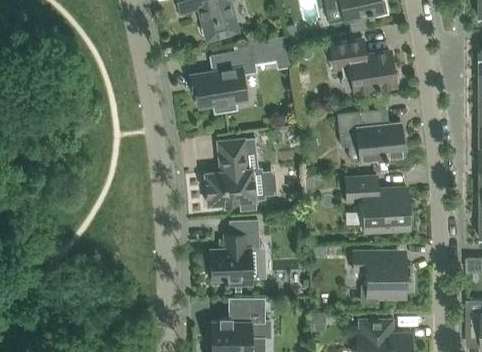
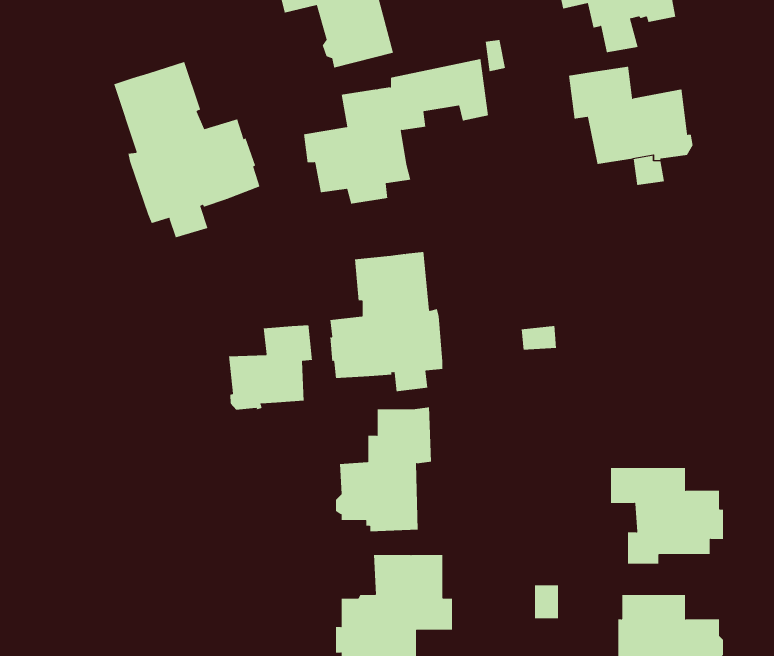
building: none -> [113,61,260,238]
building: [338,109,407,162] -> none
building: [346,176,413,234] -> none
building: none -> [228,324,313,410]

